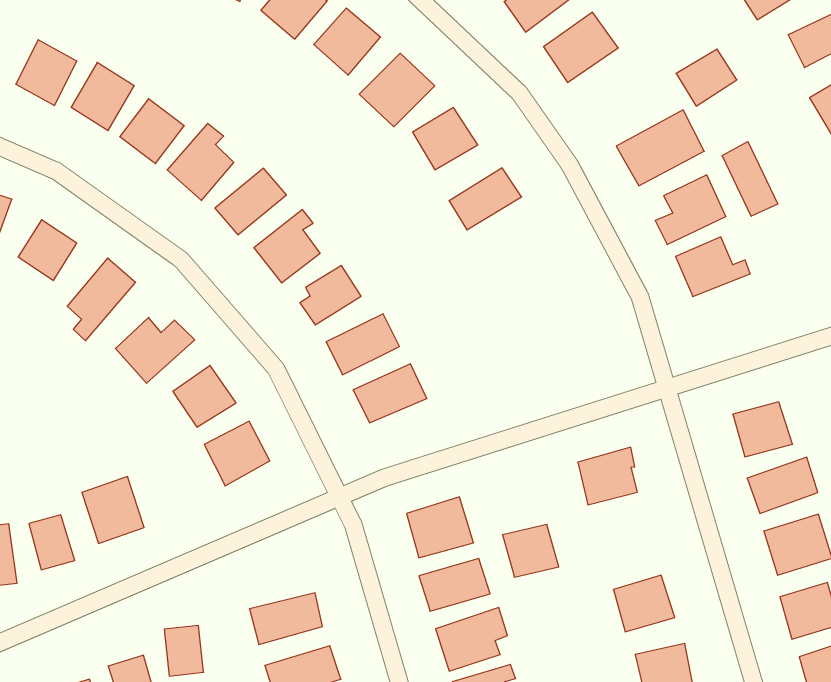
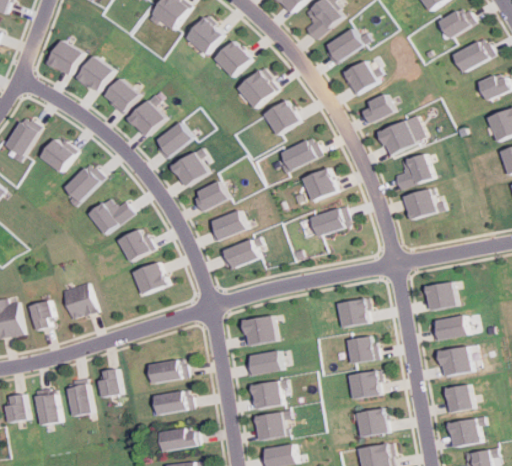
building: [676,49,737,106] -> [360,94,393,124]
building: [722,142,778,216] -> none
building: none -> [301,168,336,201]
building: none -> [309,206,349,236]
building: [503,524,559,577] -> [345,336,374,363]

